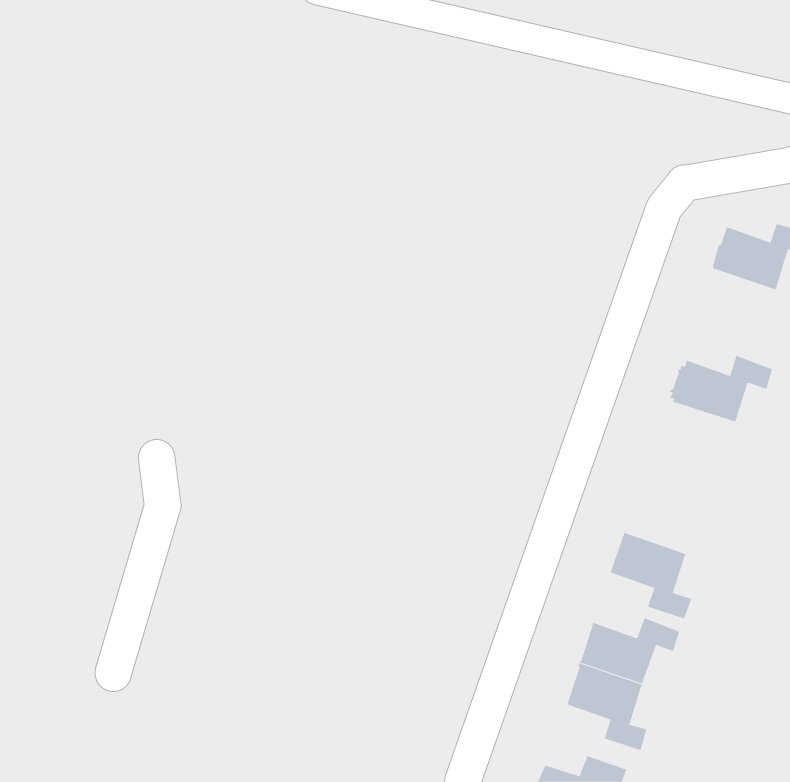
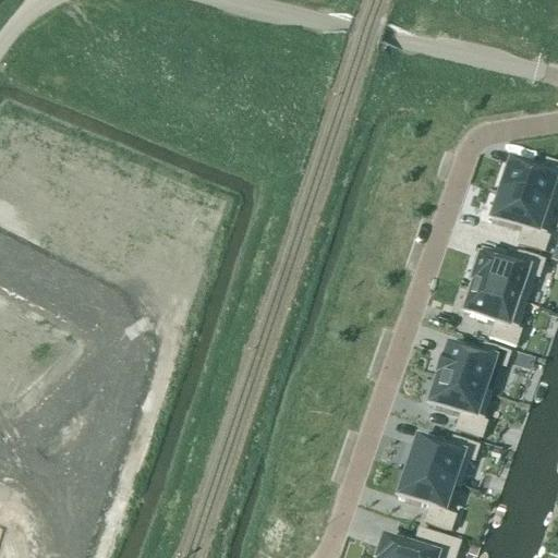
building: none -> [493,189,549,250]
building: none -> [464,282,522,343]
building: none -> [439,342,511,389]

